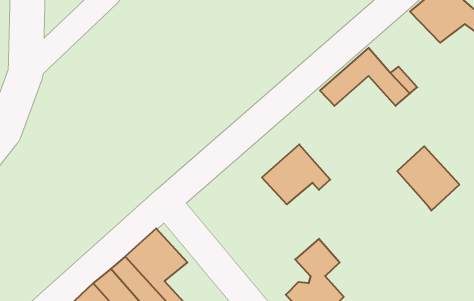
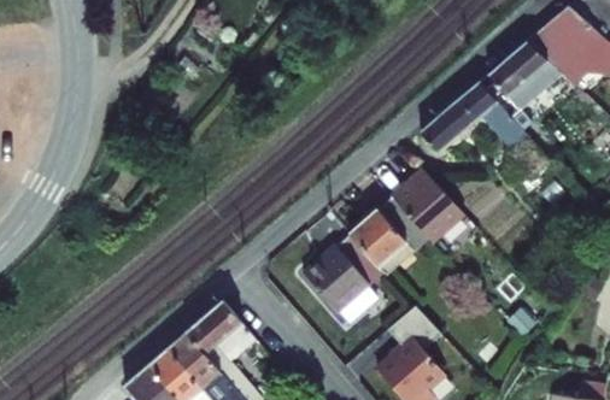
building: none -> [482,43,574,107]
building: [397,146,459,211] -> [393,169,465,243]
building: none -> [299,236,380,325]

